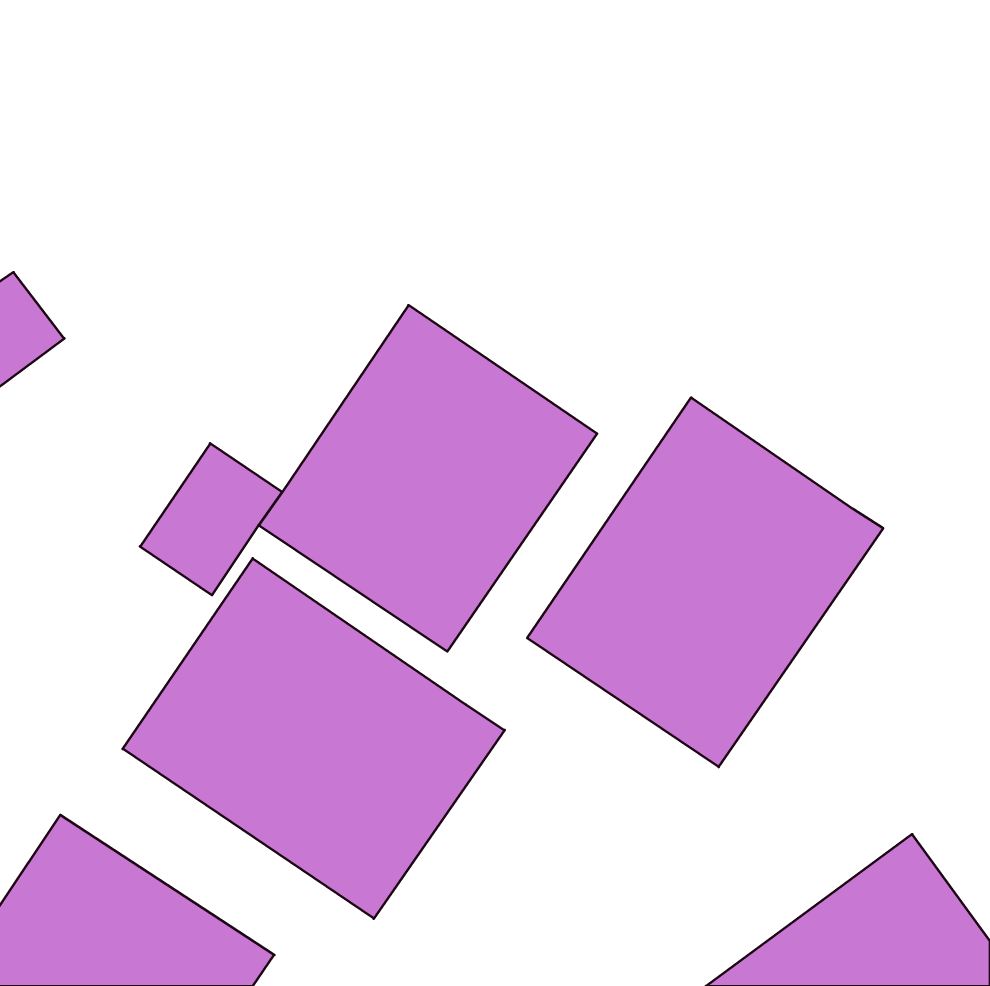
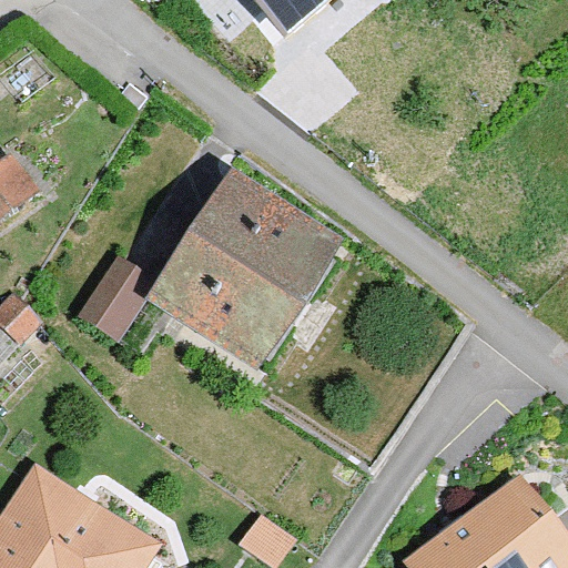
building: [527,398,883,767] -> none
building: [123,558,505,919] -> none

